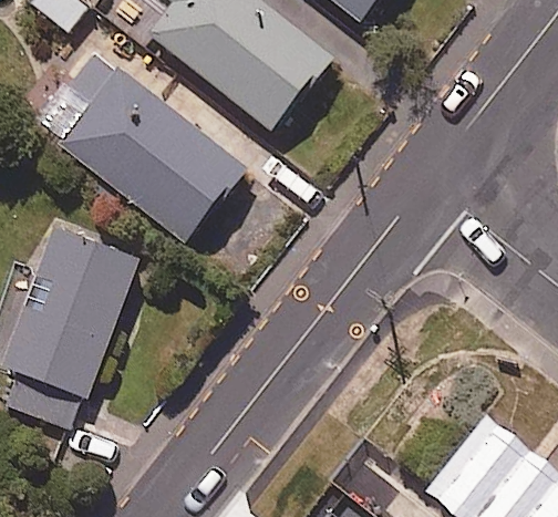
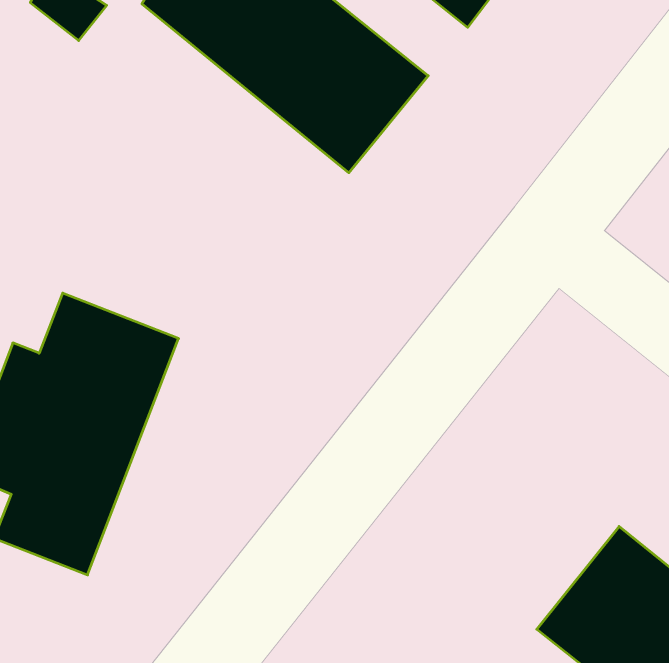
building: [61,53,246,245] -> none

